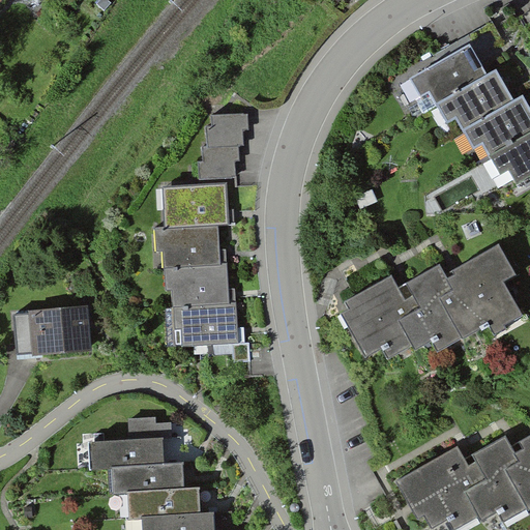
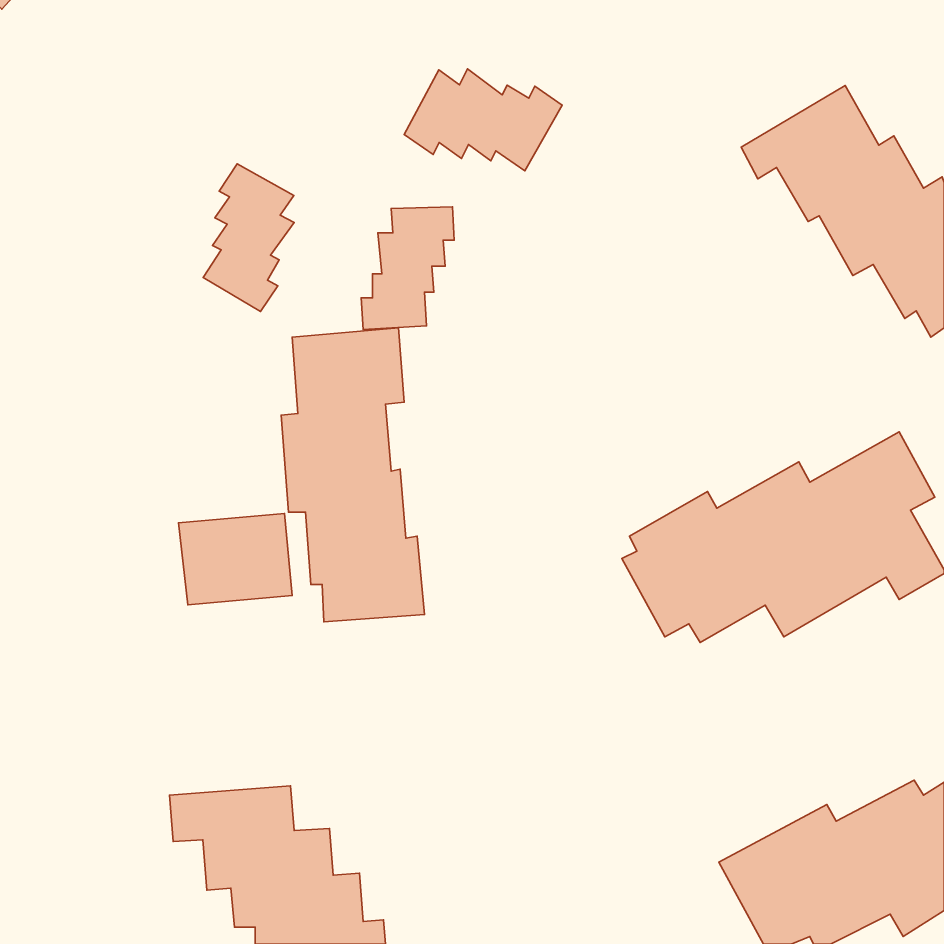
building: none -> [404,69,562,171]
building: none -> [203,164,294,312]
building: [31,305,94,356] -> [179,514,292,605]

